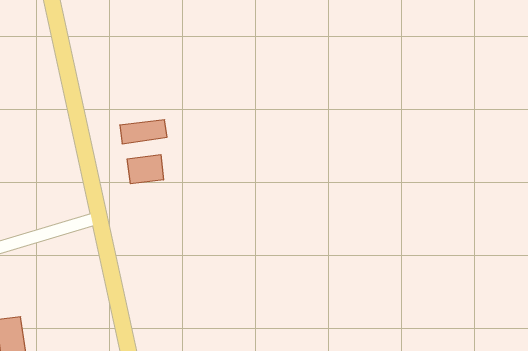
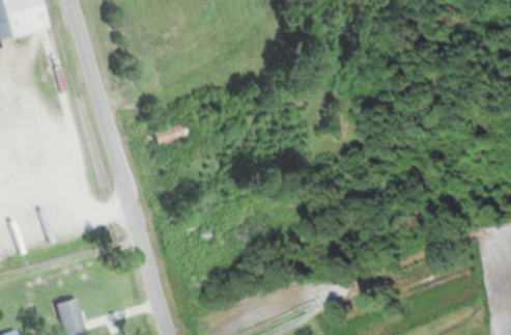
building: [127,155,163,184] -> none

